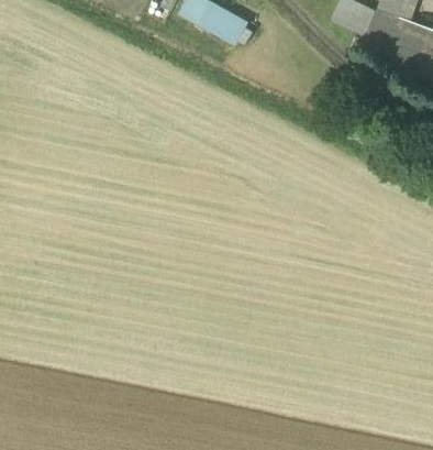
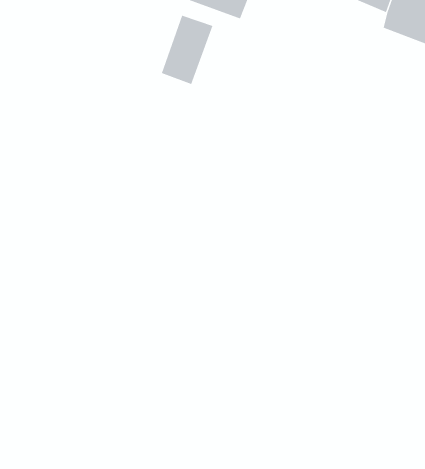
building: none -> [161,15,213,85]

